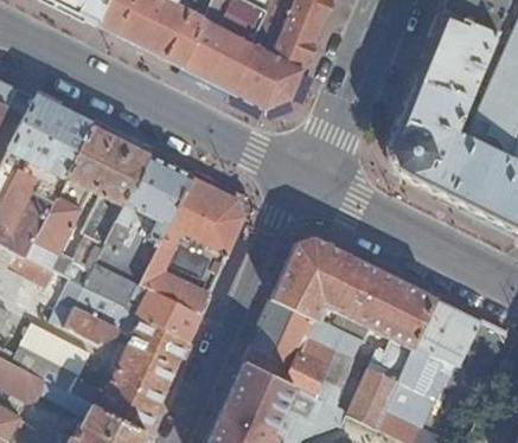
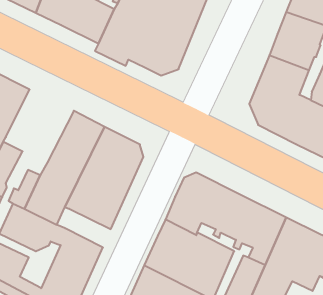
building: [59,127,151,225] -> none
building: [139,287,200,339] -> none

